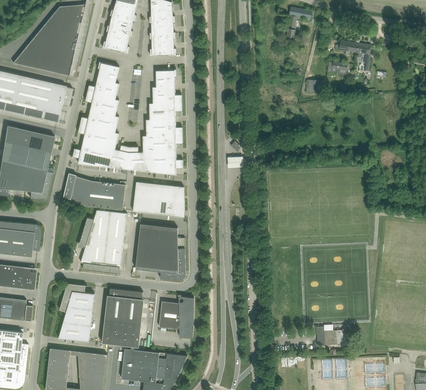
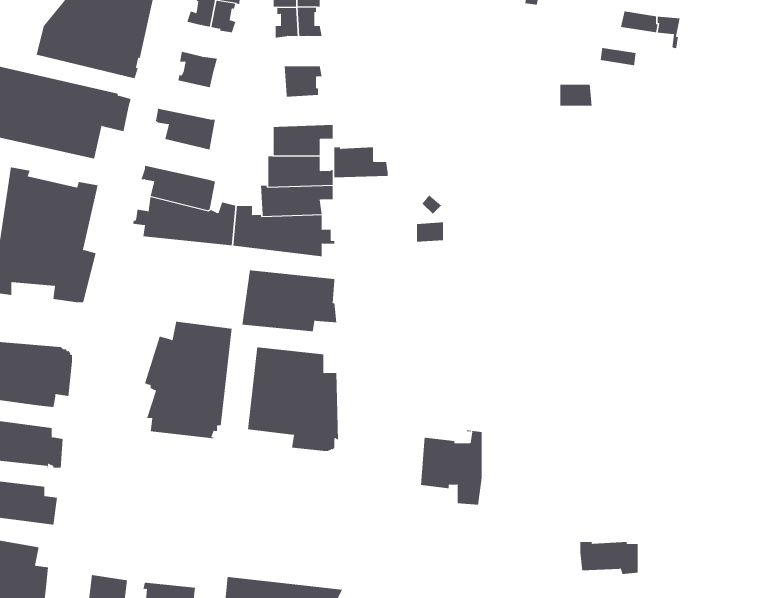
building: [86,78,119,99] -> none
building: [152,86,182,103] -> [333,147,389,178]
building: [79,110,118,132] -> none
building: [63,172,125,209] -> none
building: [58,283,94,341] -> none
building: [101,288,144,346] -> none
building: [159,296,193,337] -> [420,430,483,505]

